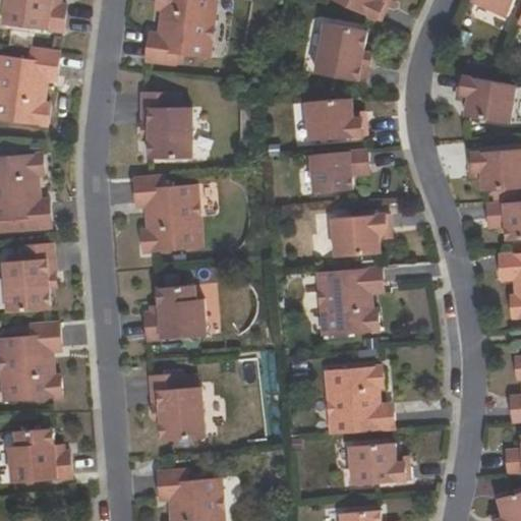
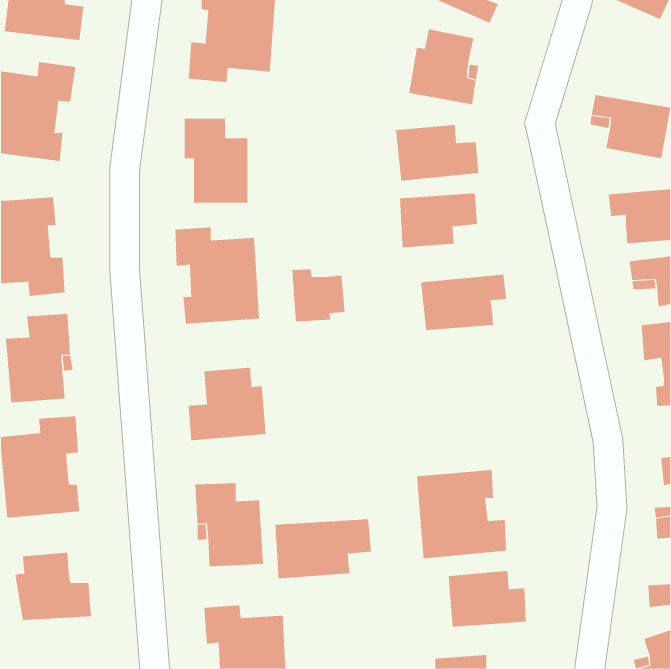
building: none -> [292,269,345,322]
building: [317,266,386,337] -> none
building: none -> [275,518,371,579]

